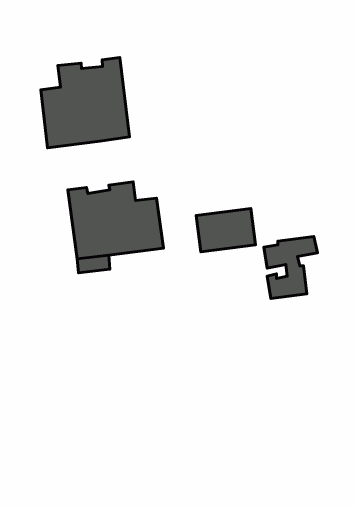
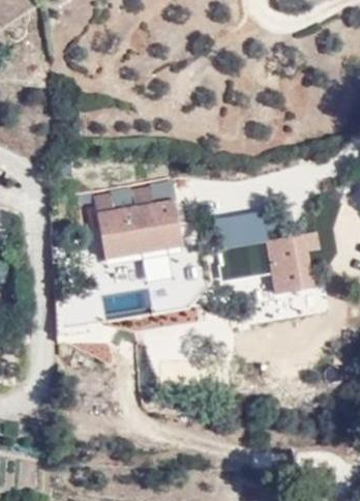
building: [41,57,129,148] -> none

